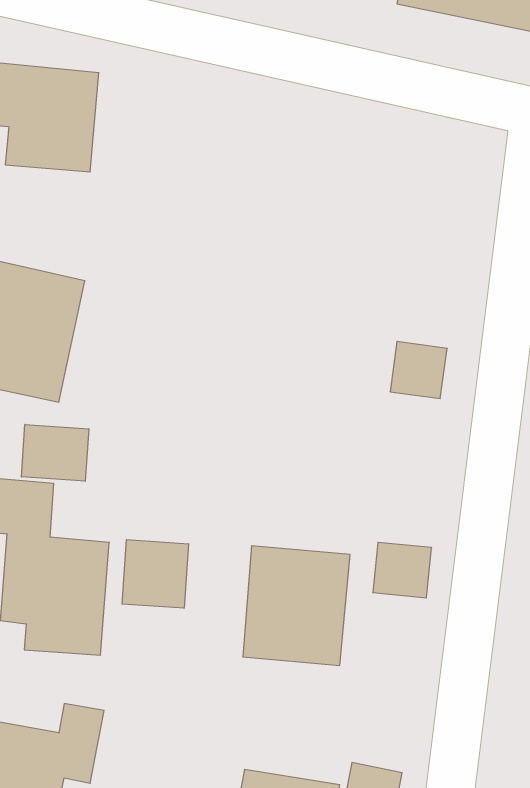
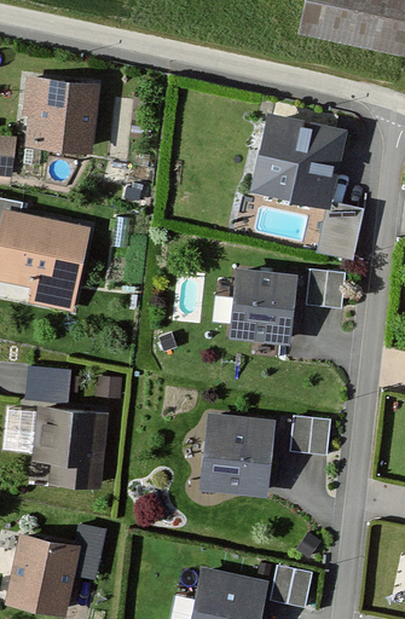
building: none -> [250,111,361,260]
building: none -> [228,267,299,345]
building: [21,424,89,481] -> none
building: [122,540,189,608] -> none

